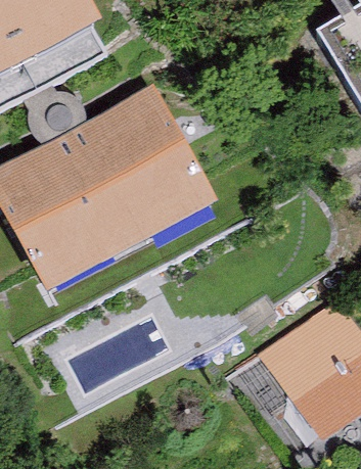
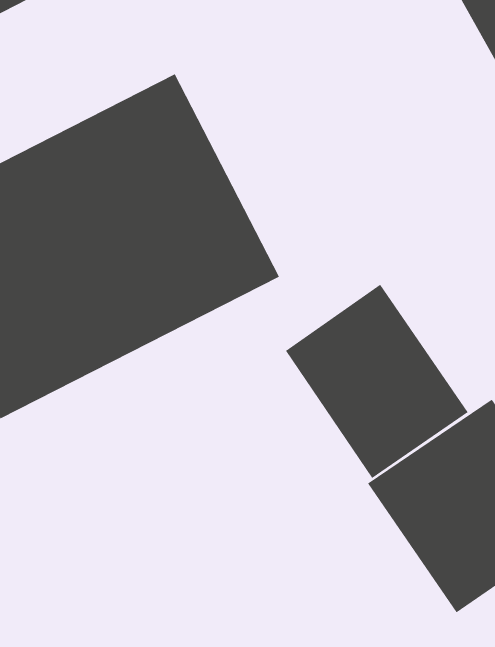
building: none -> [285,284,469,479]

